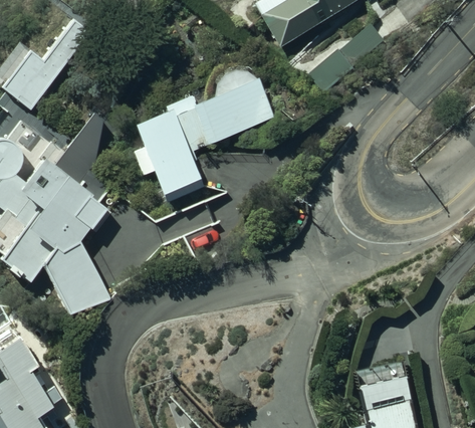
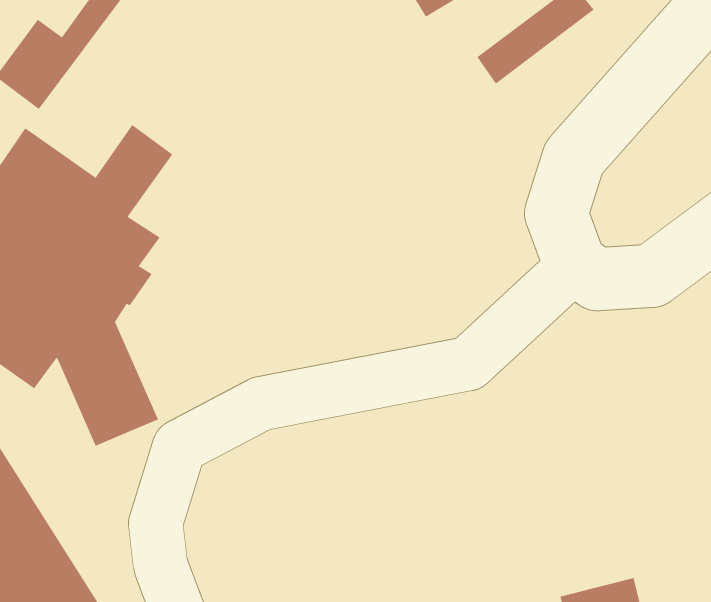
building: [134,74,273,205] -> none

